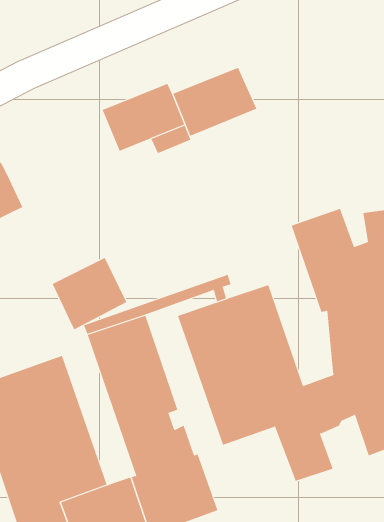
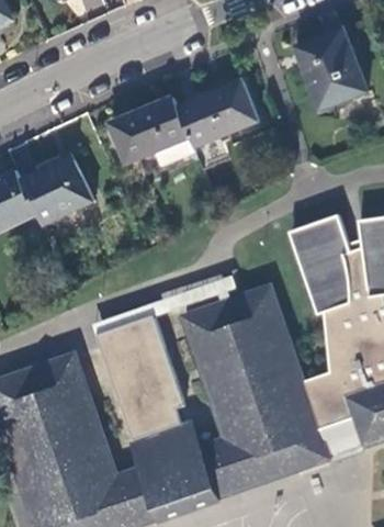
building: none -> [296,27,364,108]
building: [52,257,127,330] -> [21,155,92,224]
building: none -> [318,411,363,461]
building: none -> [202,422,294,500]

